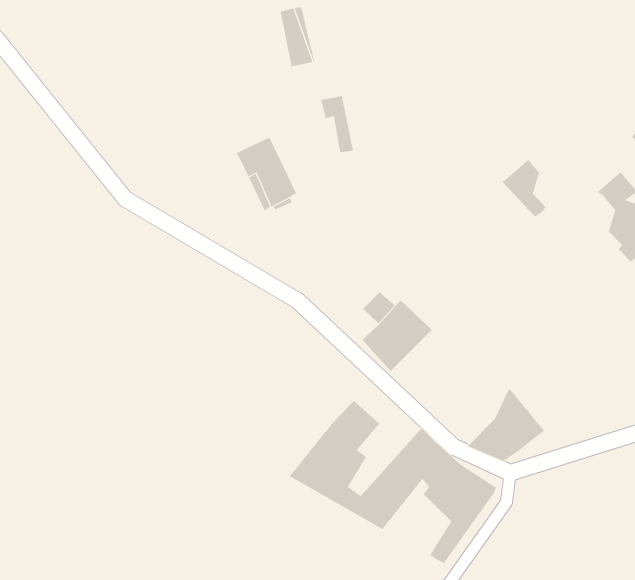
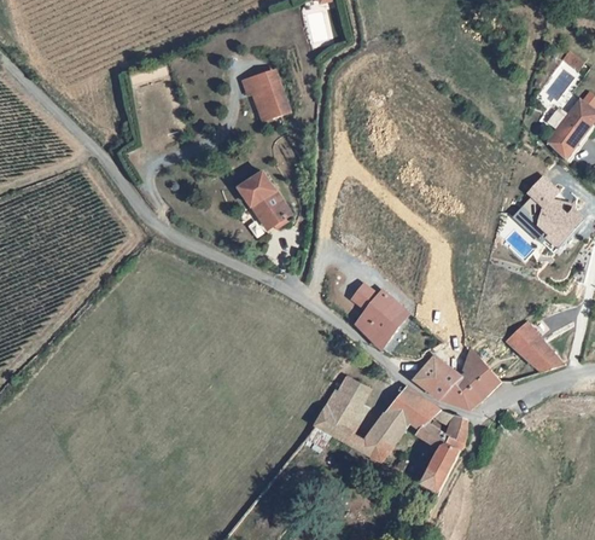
building: [320,95,354,153] -> [252,72,281,117]
building: [502,159,547,217] -> [512,197,548,242]
building: none -> [509,325,561,370]
building: none -> [414,354,460,399]

